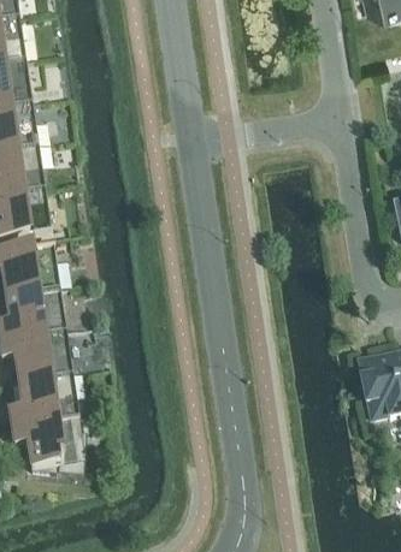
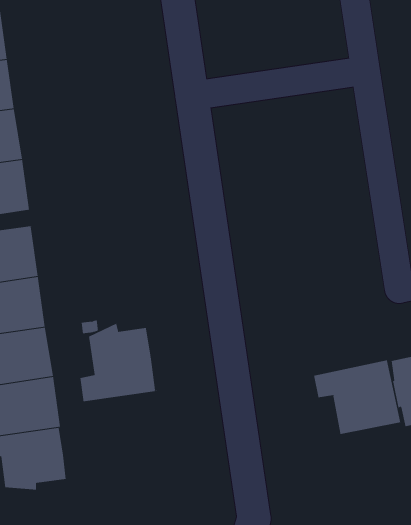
building: none -> [80,323,157,402]
building: none -> [314,360,401,435]

